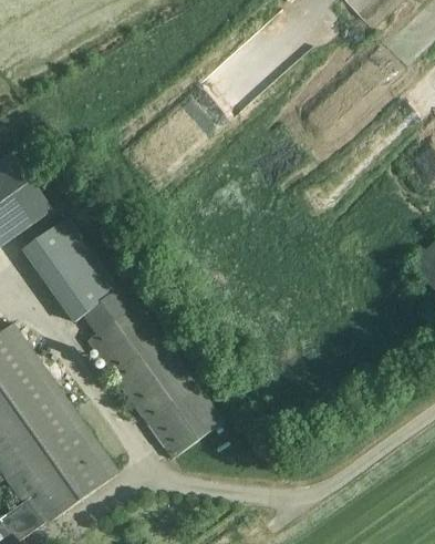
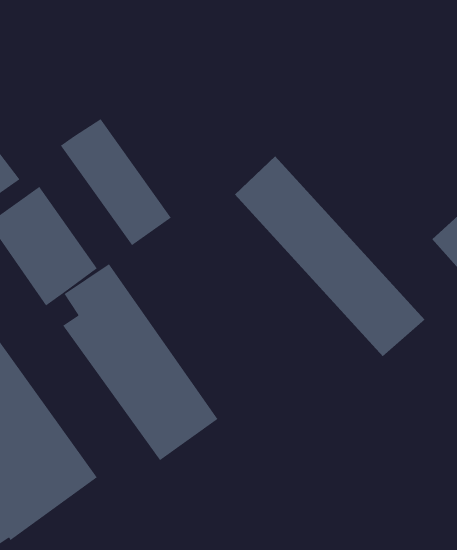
building: none -> [60,118,172,246]
building: none -> [234,156,425,357]

